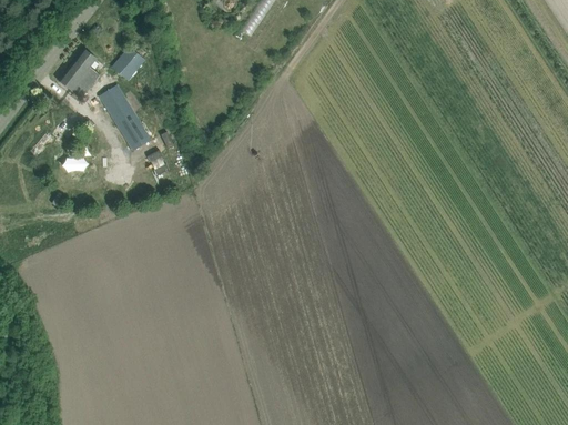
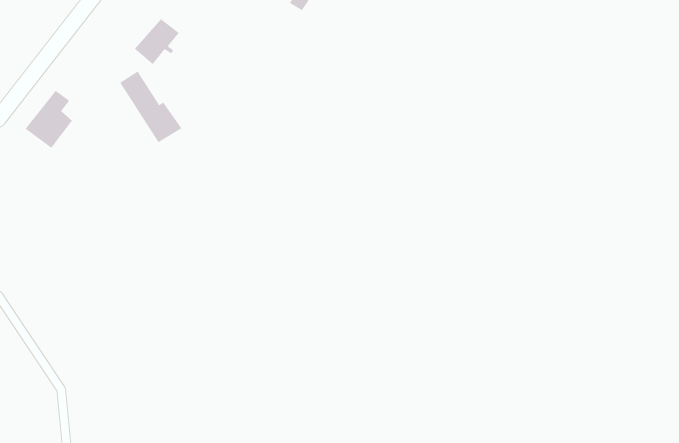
building: [59,49,99,98] -> [24,90,73,149]

